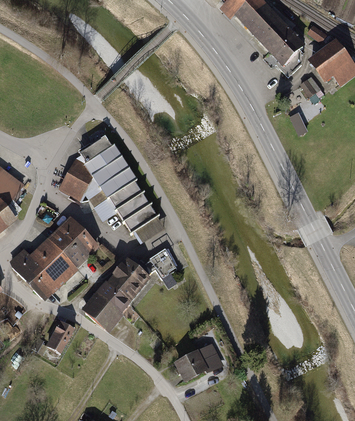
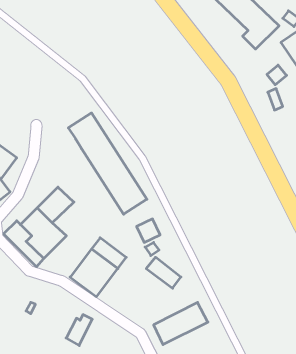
building: [57,157,93,202] -> none
building: [62,231,99,267] -> none
building: [113,257,150,290] -> [146,257,181,288]
building: [46,321,74,354] -> [66,315,92,346]

